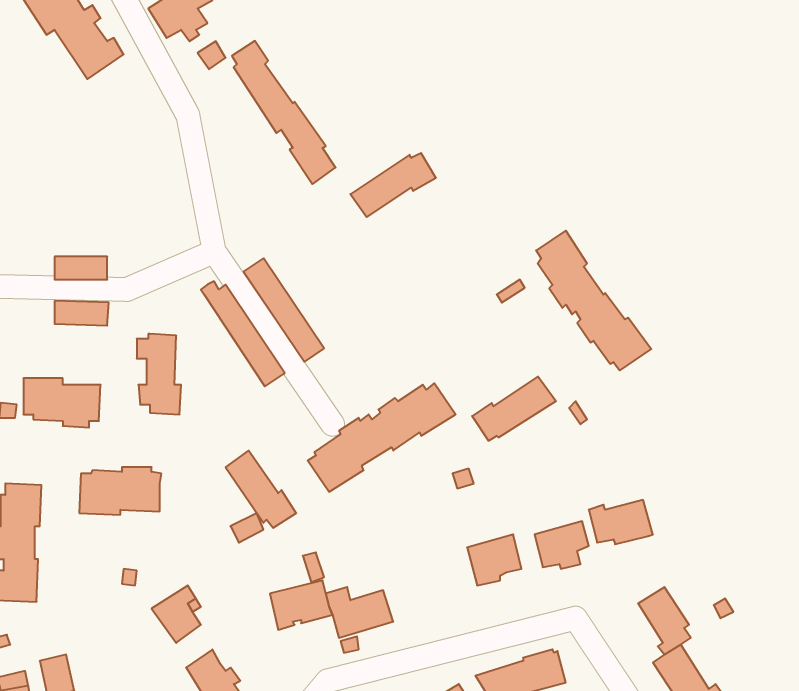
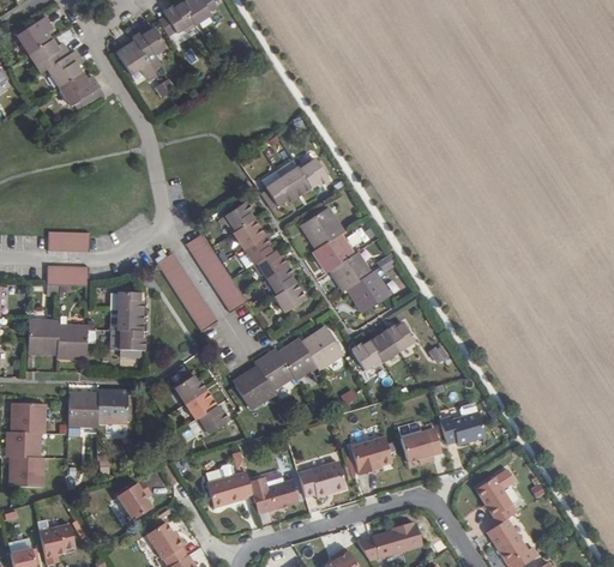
building: [232,41,336,184] -> [227,206,302,310]
building: [536,231,651,370] -> [306,207,390,309]
building: none -> [297,460,344,496]

